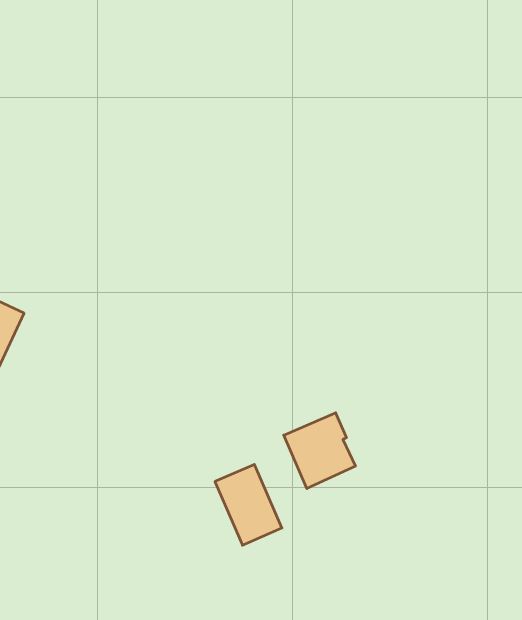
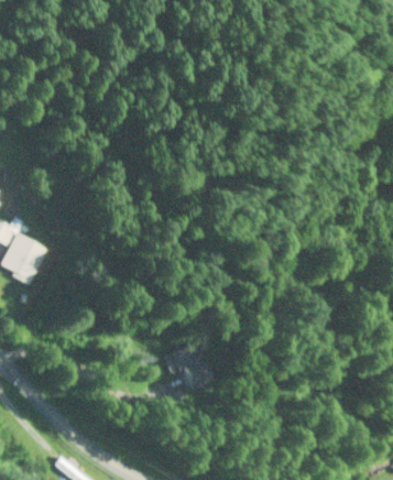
building: [284,413,355,489] -> none

